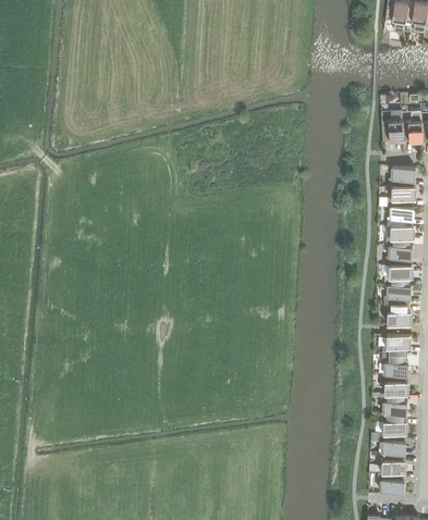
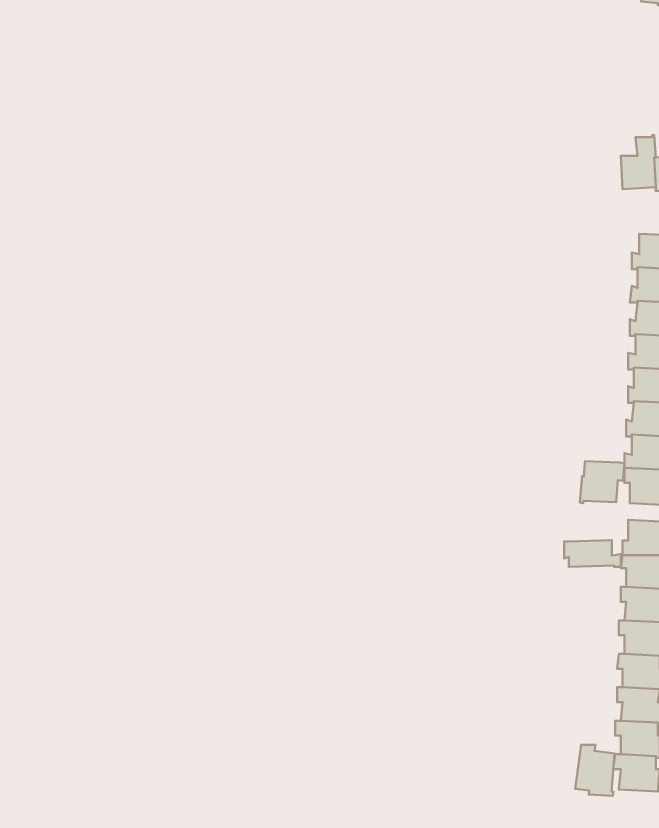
building: none -> [580,461,624,503]
building: none -> [564,540,621,567]
building: none -> [575,745,615,796]

